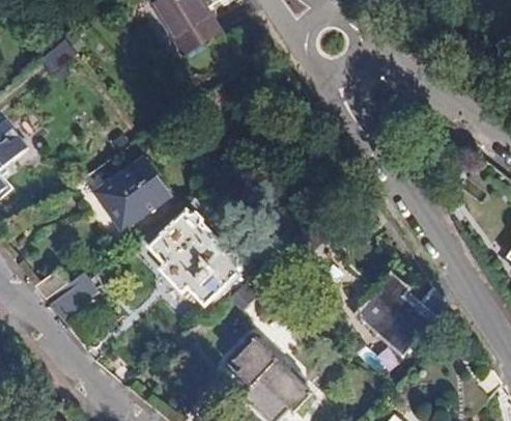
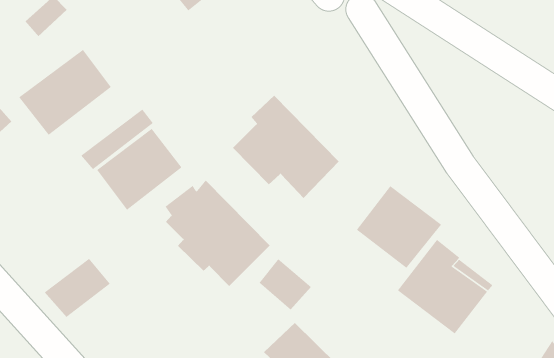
building: none -> [18,49,112,136]
building: none -> [232,95,340,199]
building: none -> [356,185,442,269]

